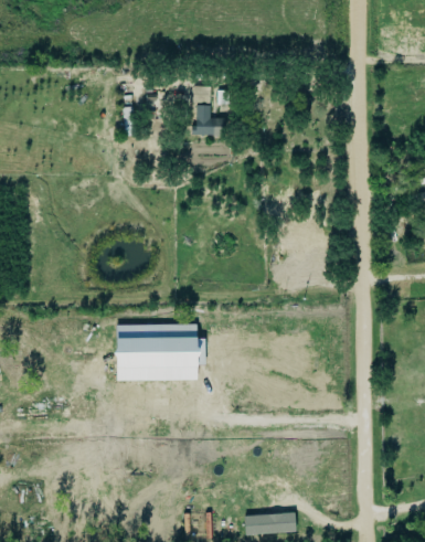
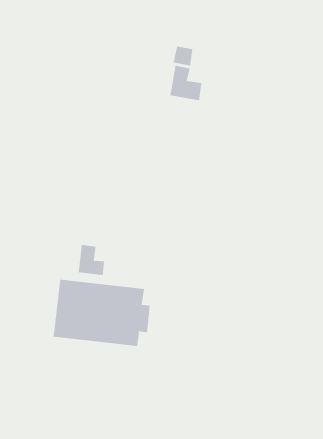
building: none -> [78,244,104,276]

